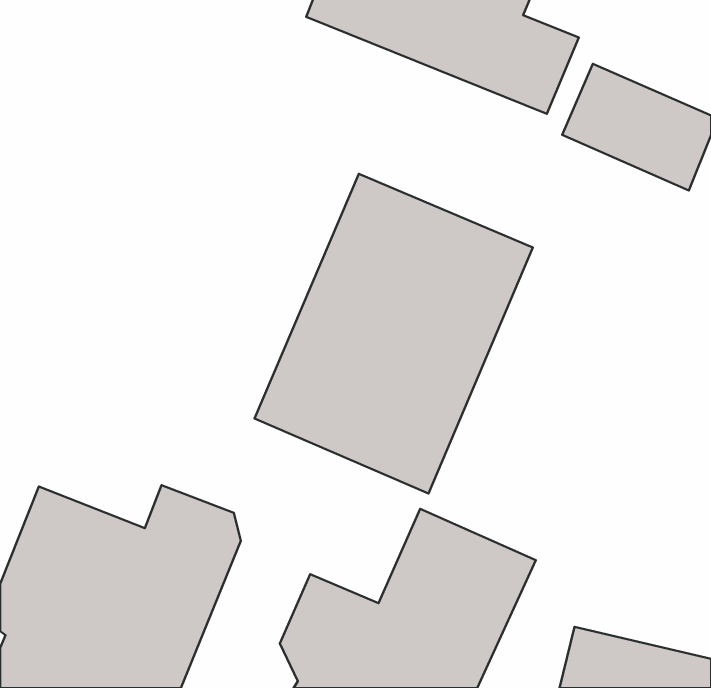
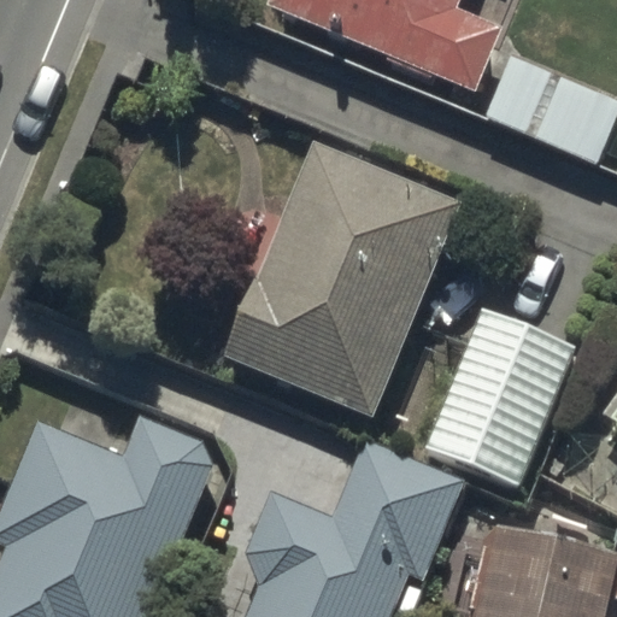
building: none -> [425,304,577,487]

